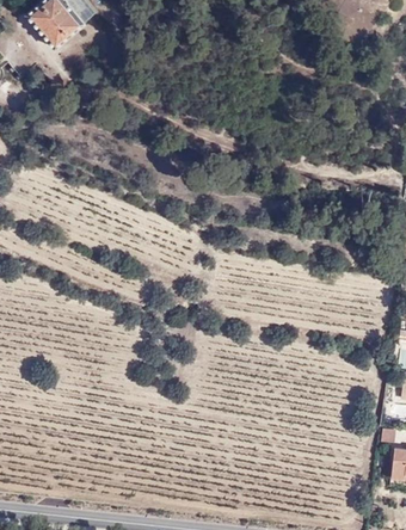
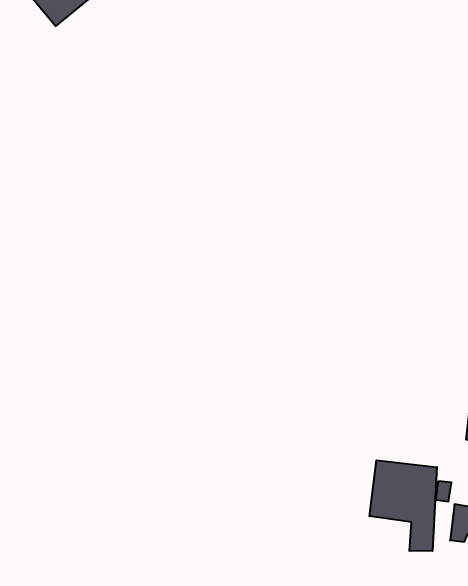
building: none -> [370,460,437,551]

